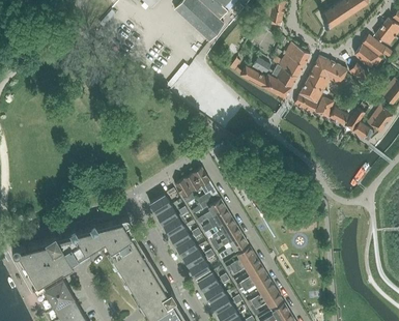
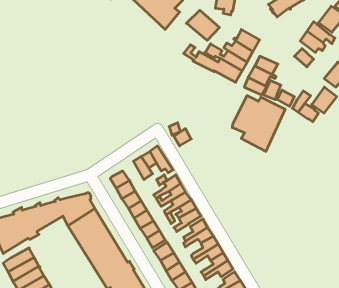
building: none -> [186,10,219,40]
building: [311,56,347,85] -> none
building: none -> [232,96,285,151]

